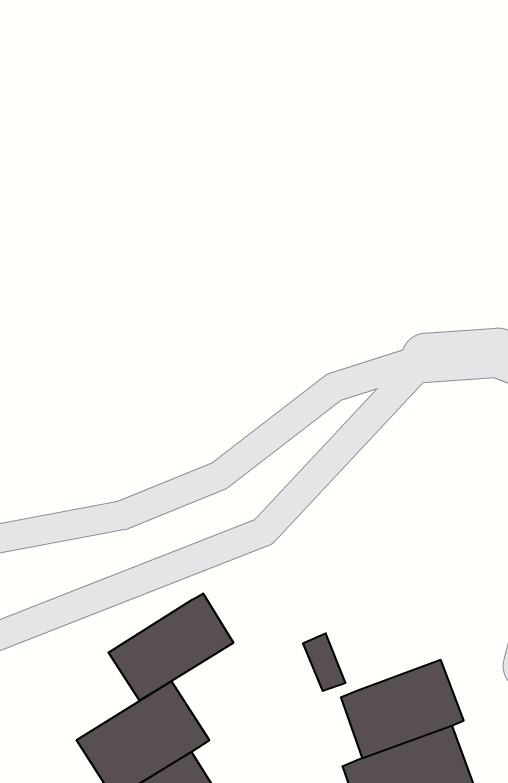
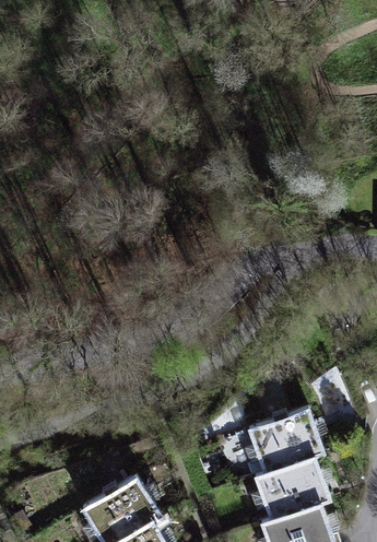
building: none -> [249,402,333,473]
building: [108,593,233,701] -> none

